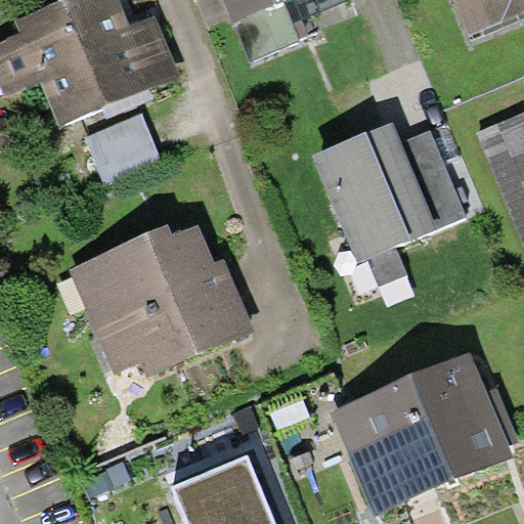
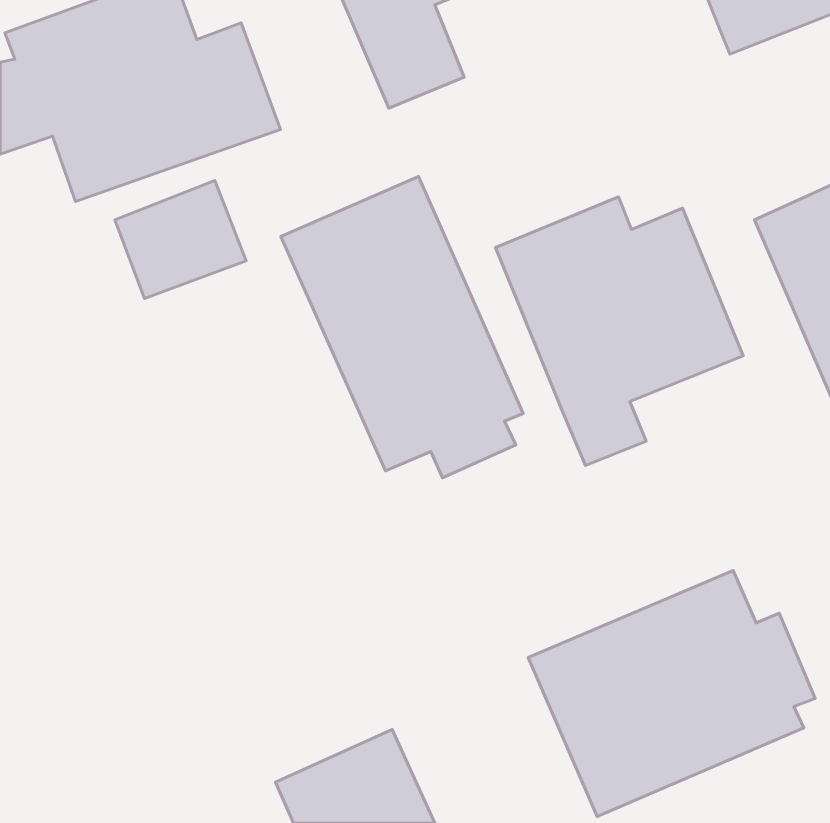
building: none -> [281,177,523,478]
building: [63,223,252,386] -> none

